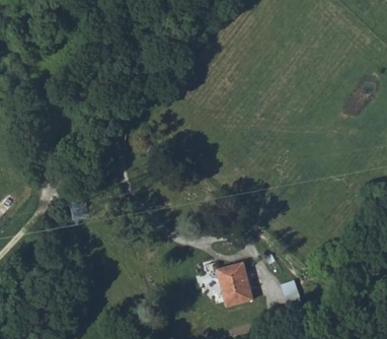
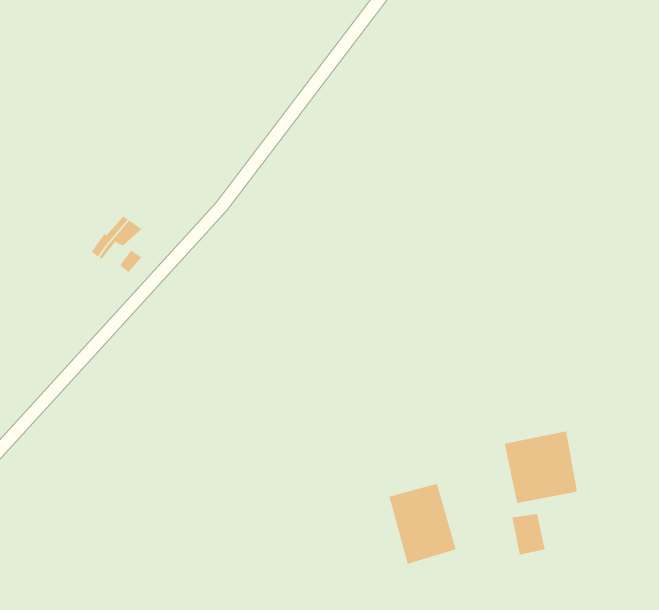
building: none -> [504,431,578,504]

